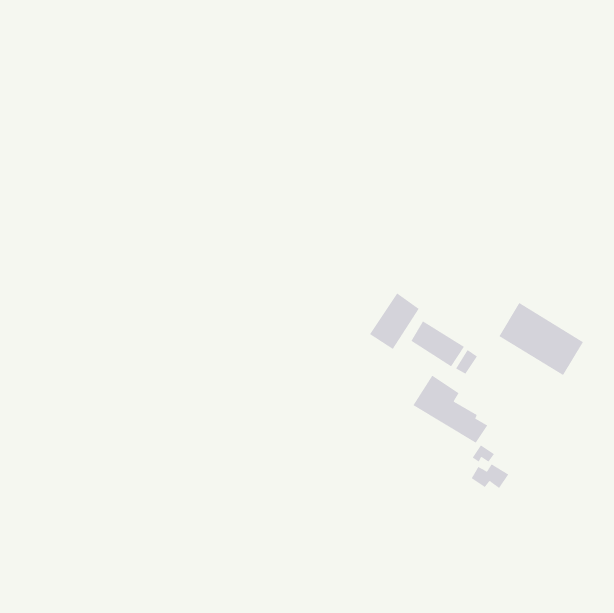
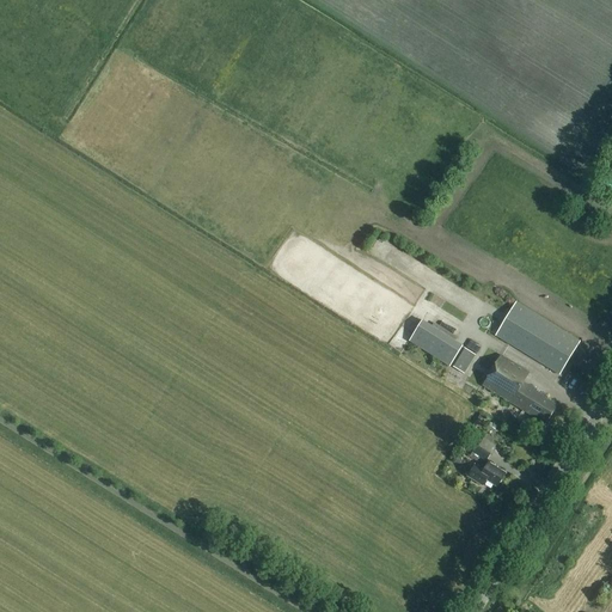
building: [369,293,420,350] -> none
building: [412,375,488,444] -> [482,354,557,422]

